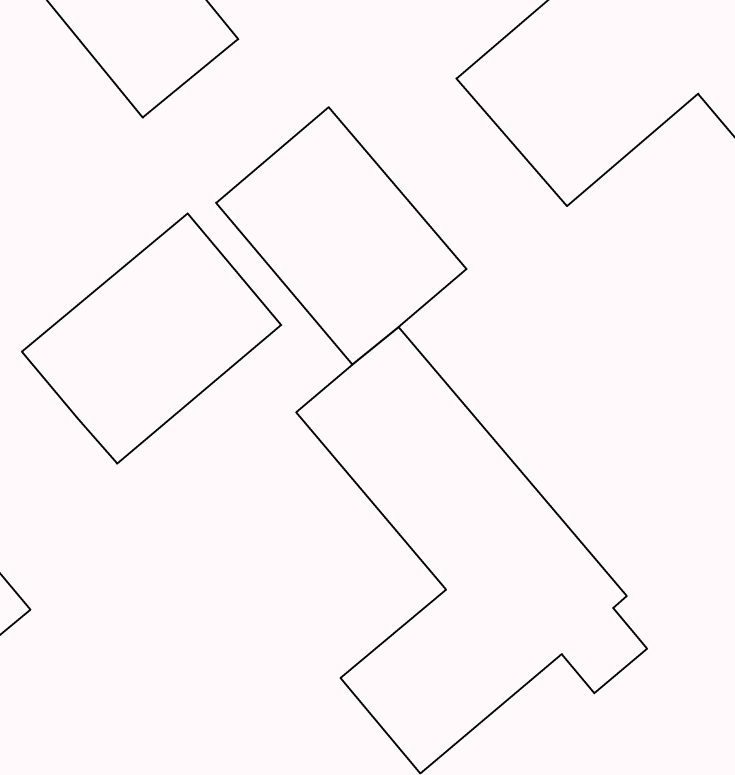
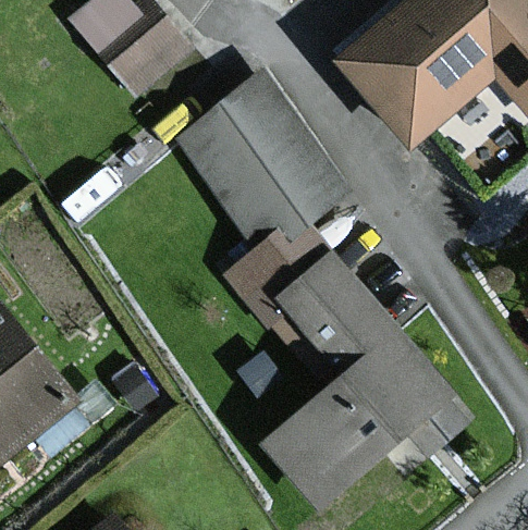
building: [22,213,281,464] -> none

